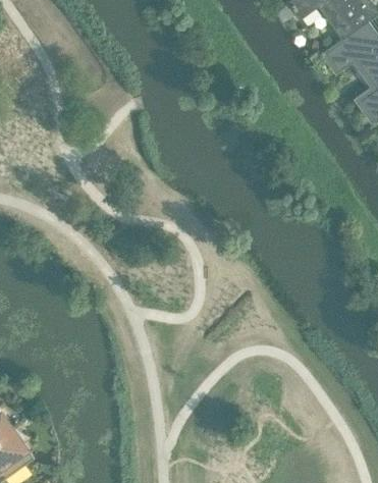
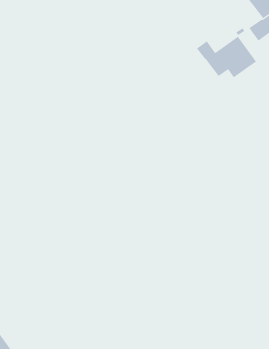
building: none -> [196,36,257,78]

